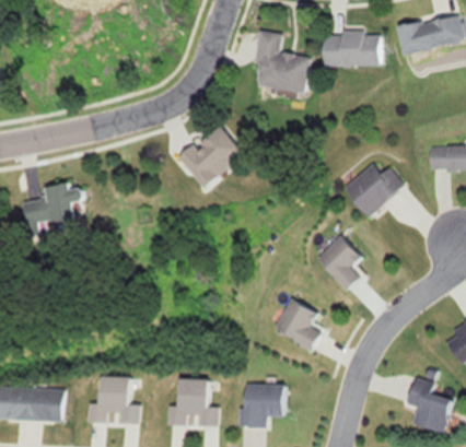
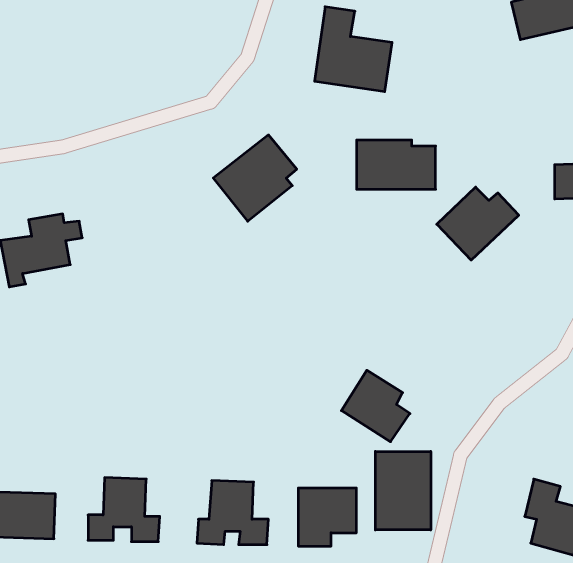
building: [323,31,381,67] -> [357,140,436,189]
building: [316,237,360,290] -> none
building: none -> [375,451,431,530]

